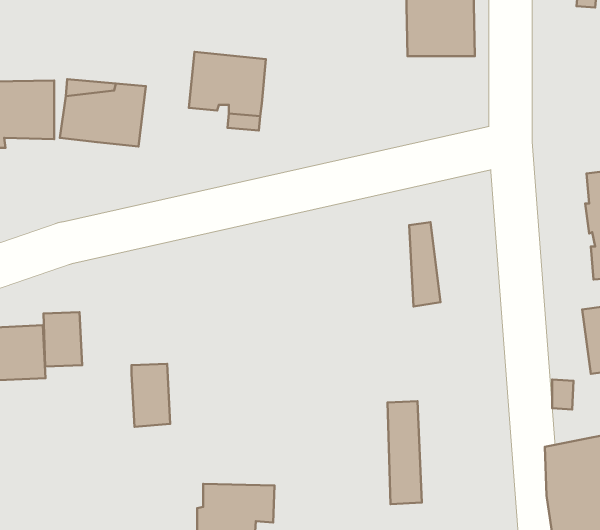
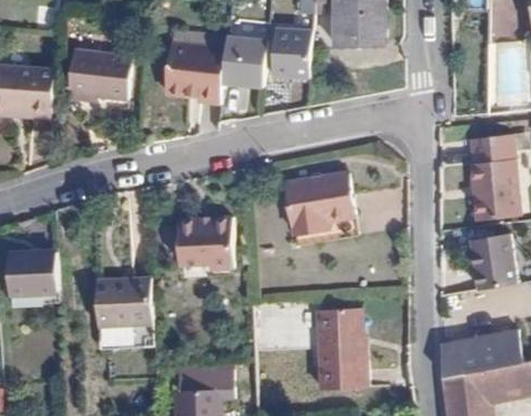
building: none -> [271,29,312,78]
building: none -> [222,34,267,87]
building: none -> [290,175,338,243]
building: none -> [181,218,237,270]
building: [44,312,82,367] -> [94,289,124,330]
building: none -> [341,310,366,387]

